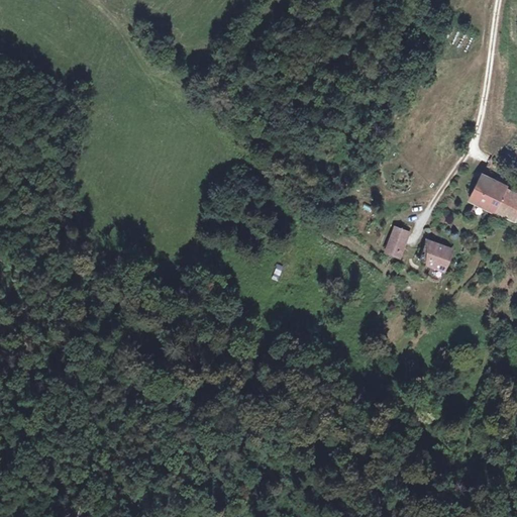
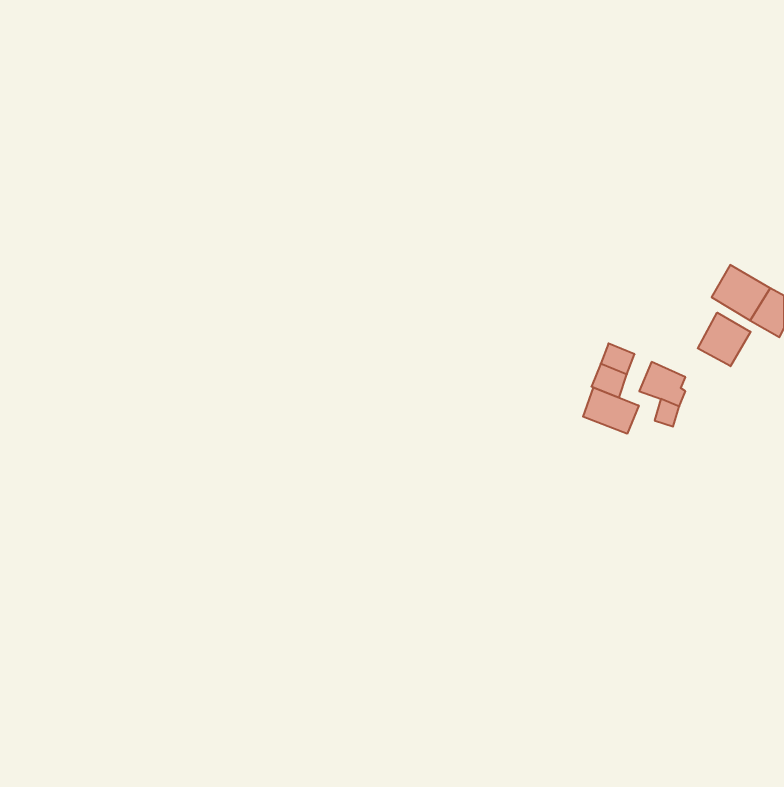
building: none -> [698,313,751,366]
building: none -> [583,387,639,434]

